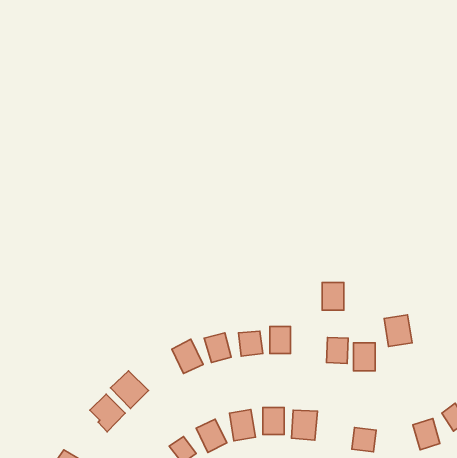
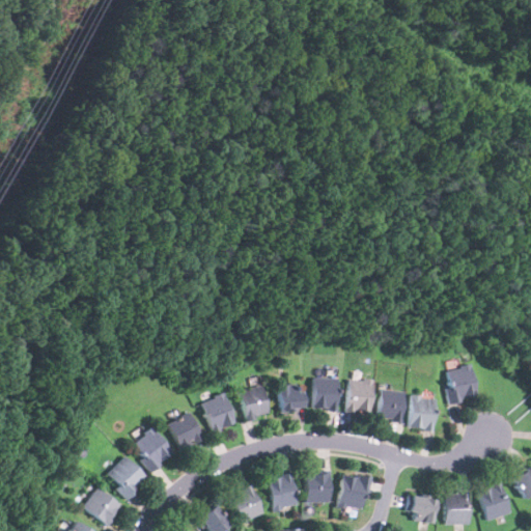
building: [322,282,344,310] -> [348,380,373,412]
building: none -> [168,413,204,451]
building: none -> [83,487,121,526]
building: none -> [446,493,470,525]

